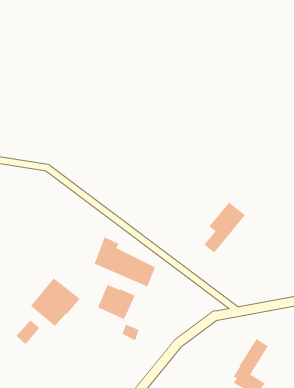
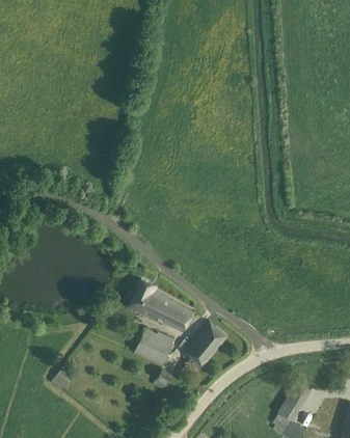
building: [203,202,246,254] -> [184,323,227,376]
building: [30,277,80,327] -> none

